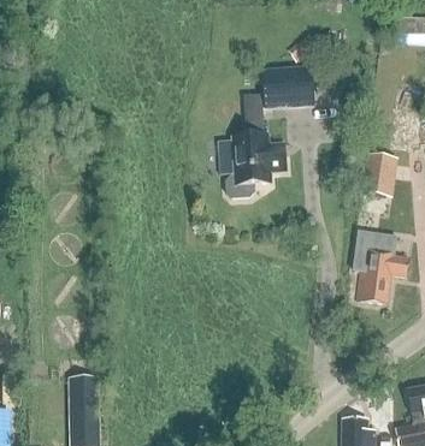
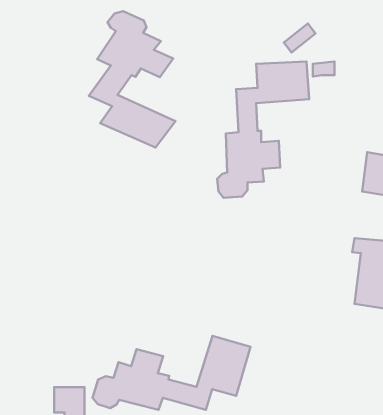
building: none -> [89,11,175,148]
building: none -> [92,336,251,410]

